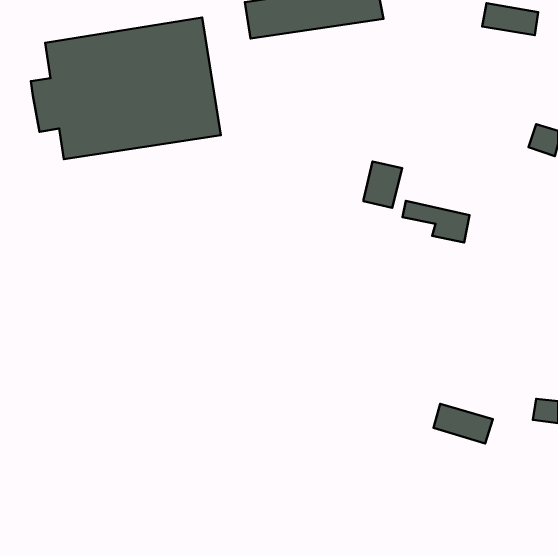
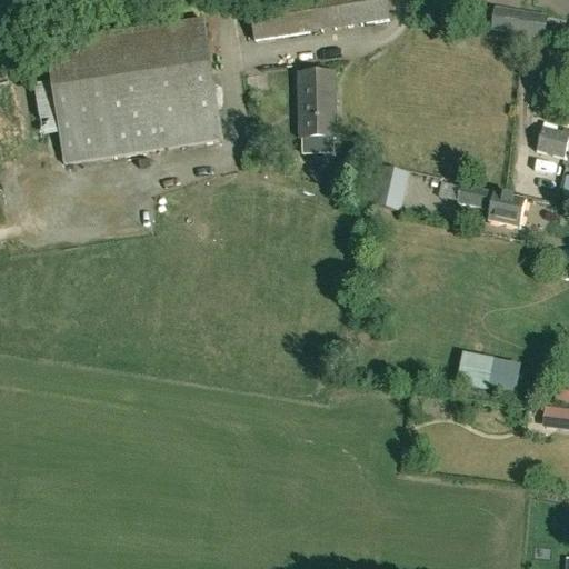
building: none -> [298,71,336,152]
building: [403,201,470,243] -> [457,183,525,226]
building: [433,404,493,443] -> [466,355,526,395]

